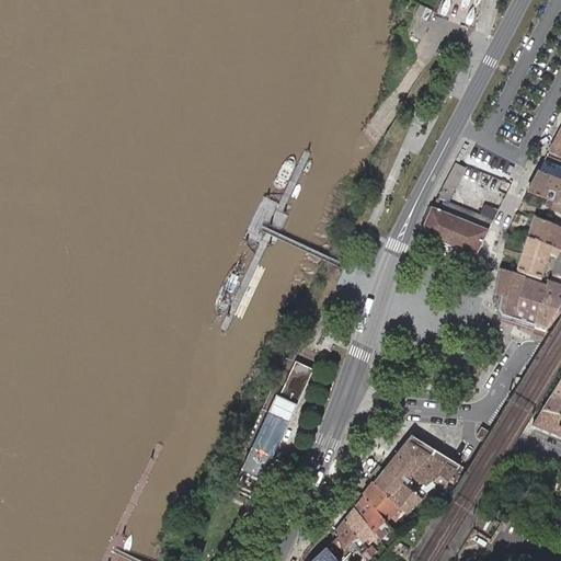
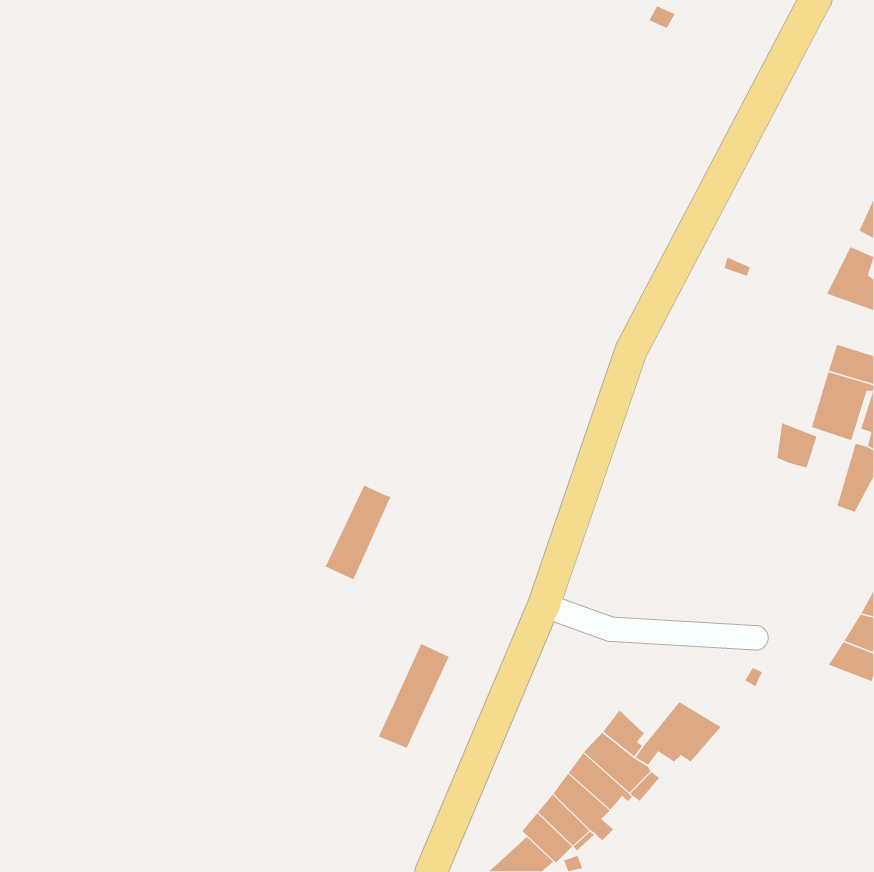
building: [424,190,494,252] -> none
building: [501,279,547,324] -> none
building: [270,359,312,421] -> [325,485,391,580]
building: [397,435,435,478] -> none

